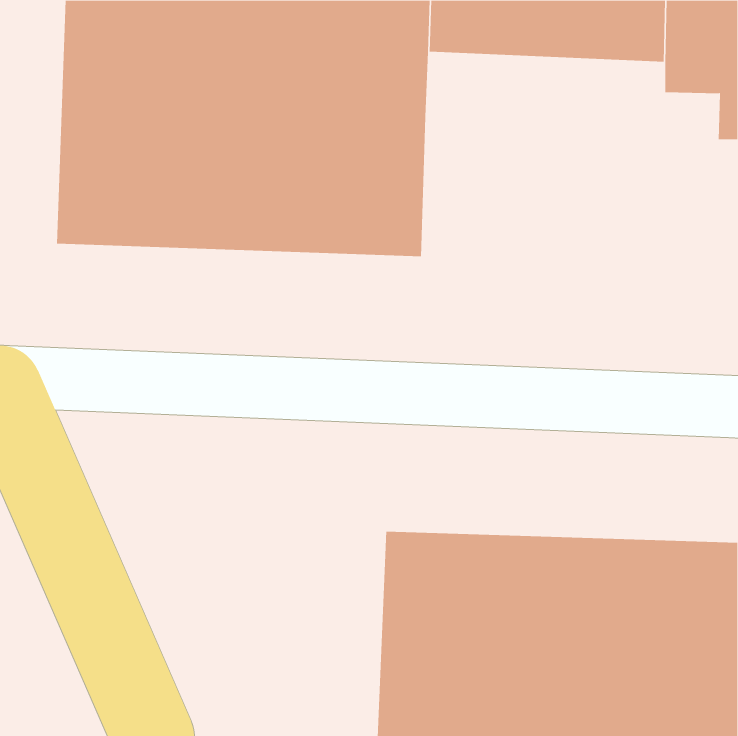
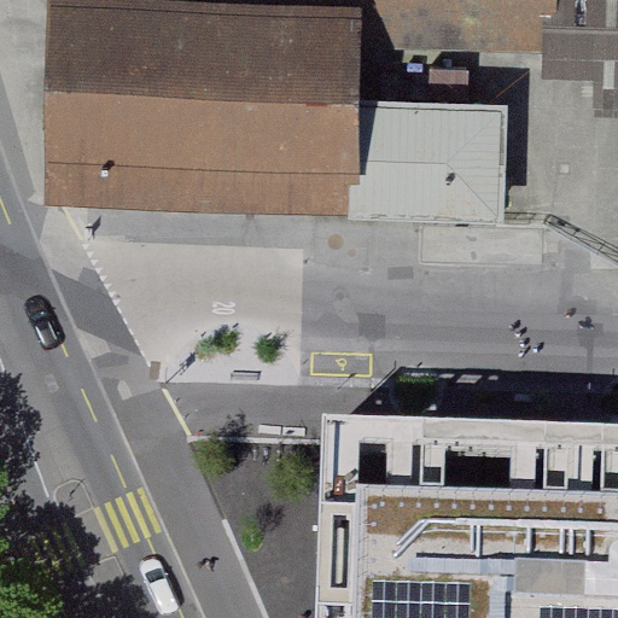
building: none -> [352,99,509,222]

